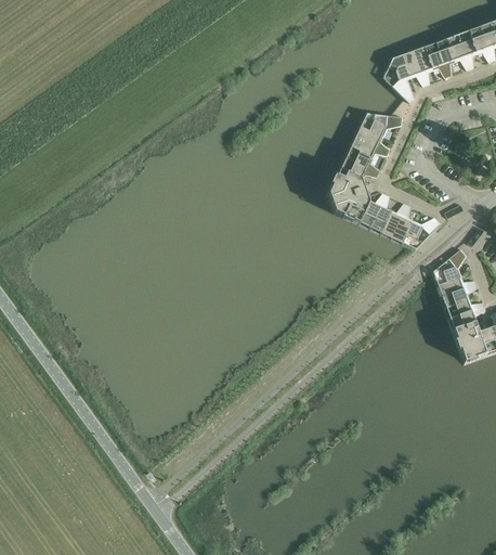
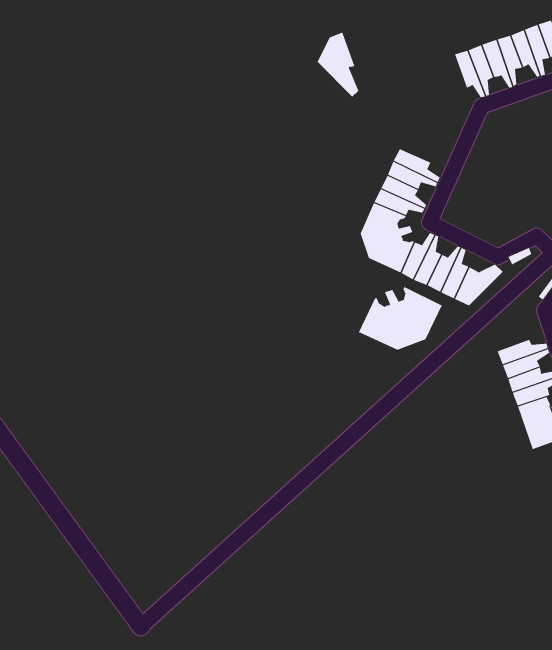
building: [382,51,416,103] -> [317,32,359,98]
building: [360,113,404,137] -> none
building: none -> [358,286,442,350]
building: [432,248,468,286] -> none

